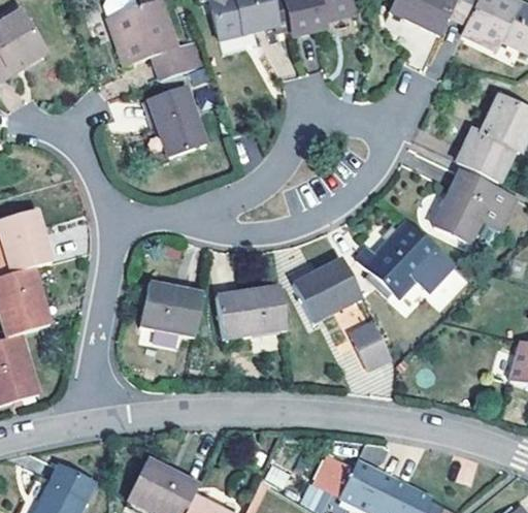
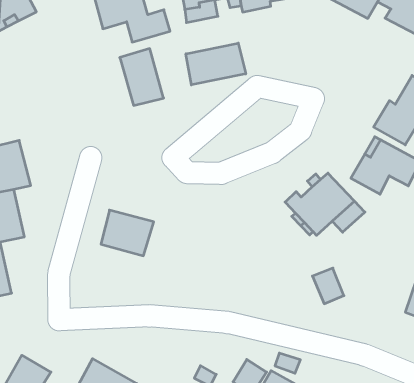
building: none -> [186,43,246,85]
building: [294,259,361,321] -> none
building: [219,286,286,338] -> none
building: [351,325,390,368] -> [312,268,344,304]

